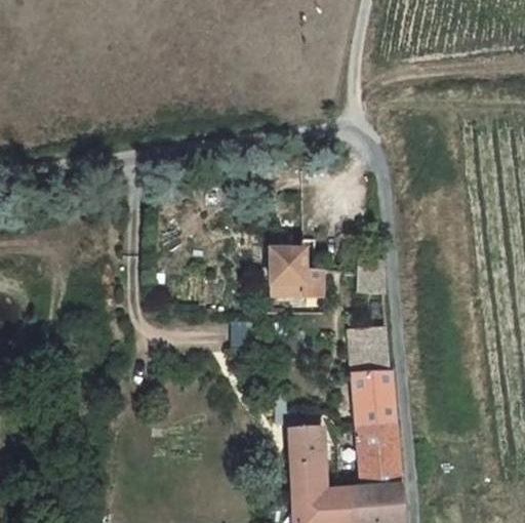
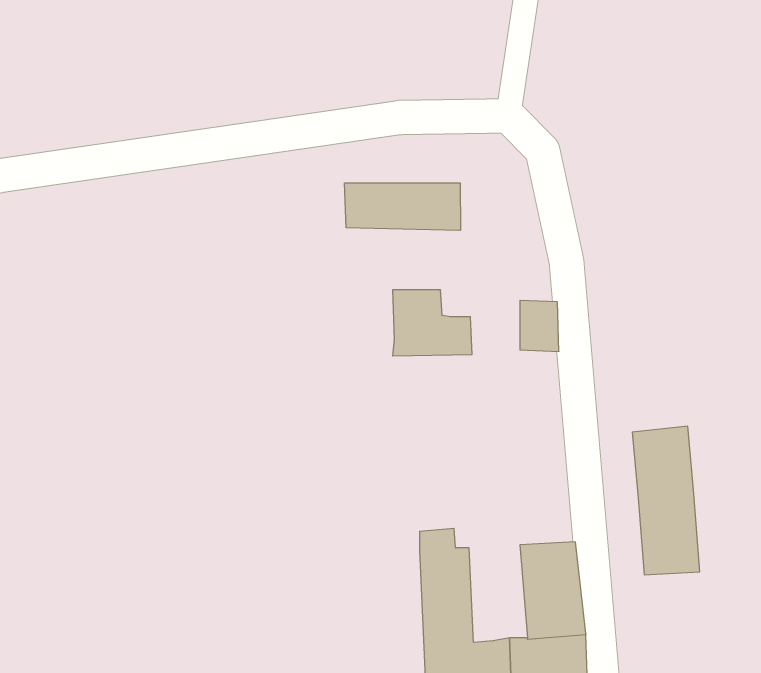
building: none -> [345,183,461,230]
building: [349,325,395,427] -> [632,426,700,575]

